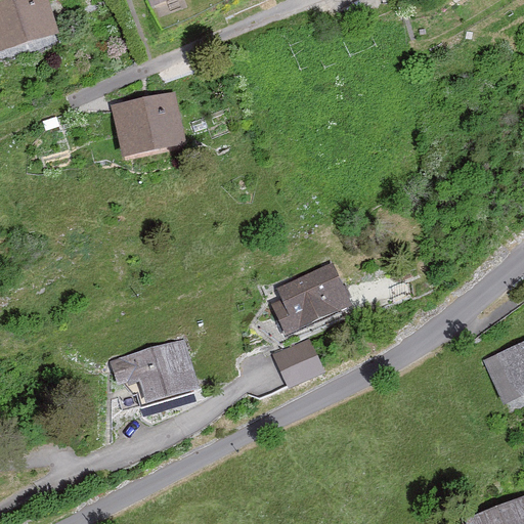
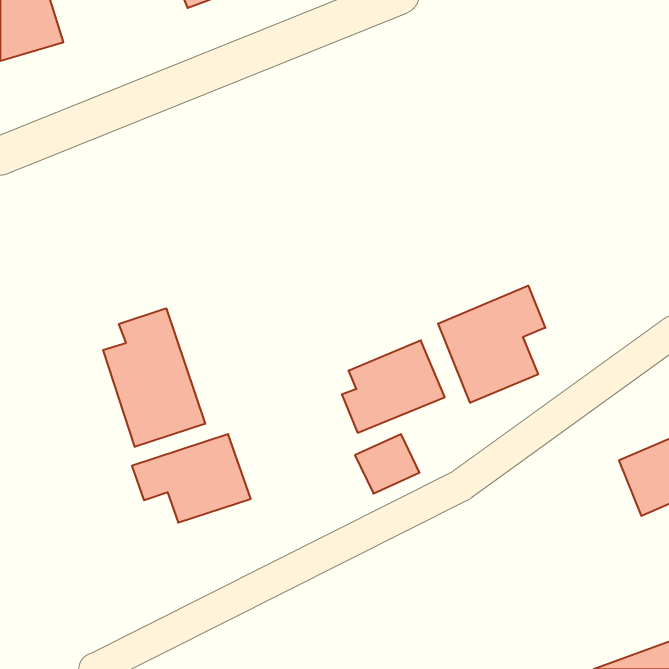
building: [113,93,182,155] -> none
building: none -> [438,286,545,403]
building: none -> [103,308,205,447]

